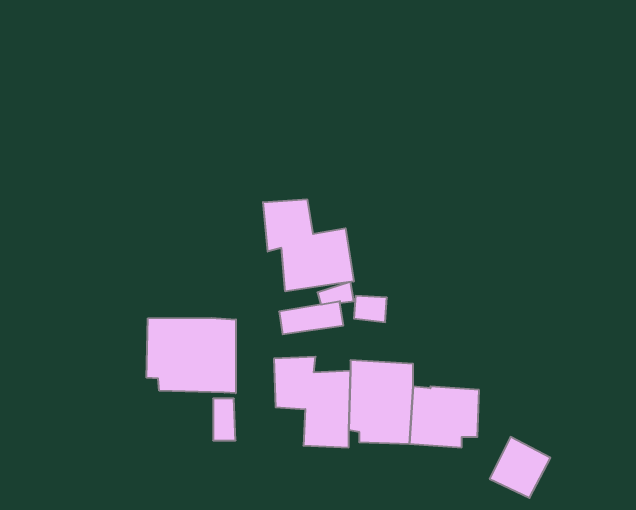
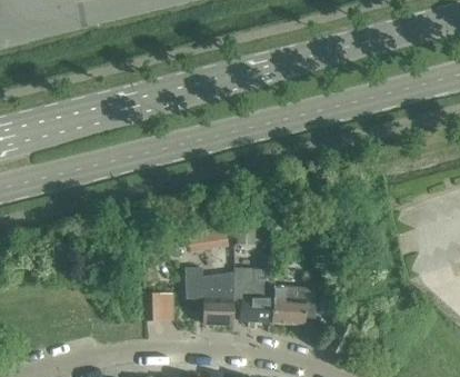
building: [263,199,354,291] -> none
building: [147,318,236,393] -> none

